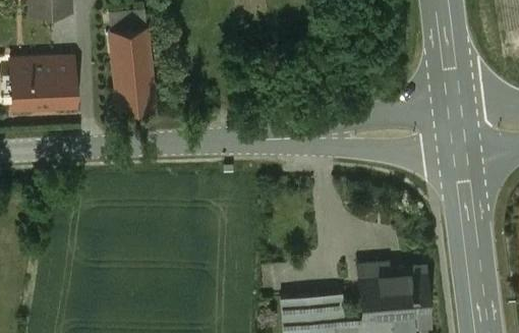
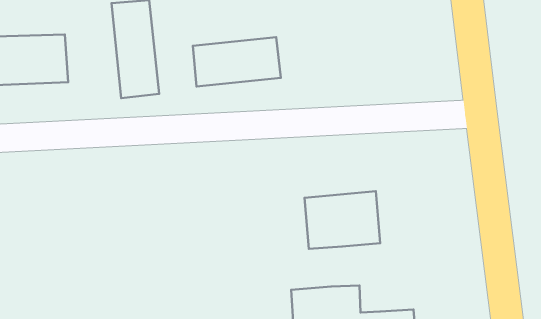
building: none -> [193,37,281,87]
building: [359,266,430,320] -> [304,191,380,249]

